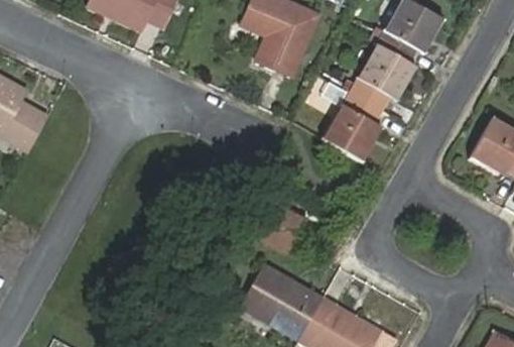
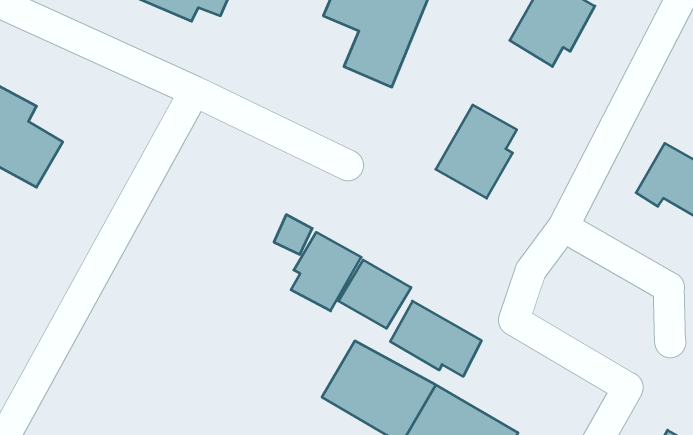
building: [350,44,414,110] -> none
building: none -> [291,232,361,311]
building: none -> [390,301,481,376]

